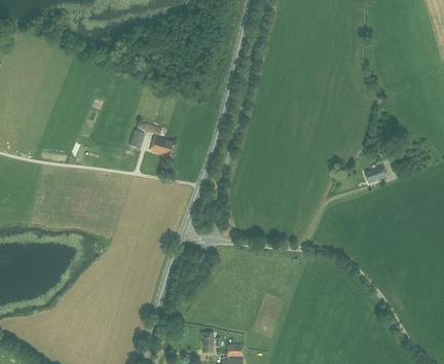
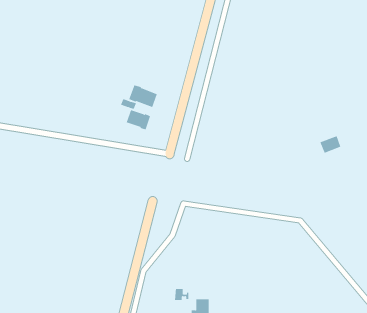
building: none -> [129,85,158,108]

